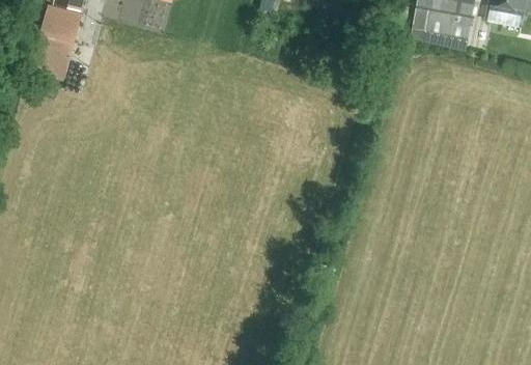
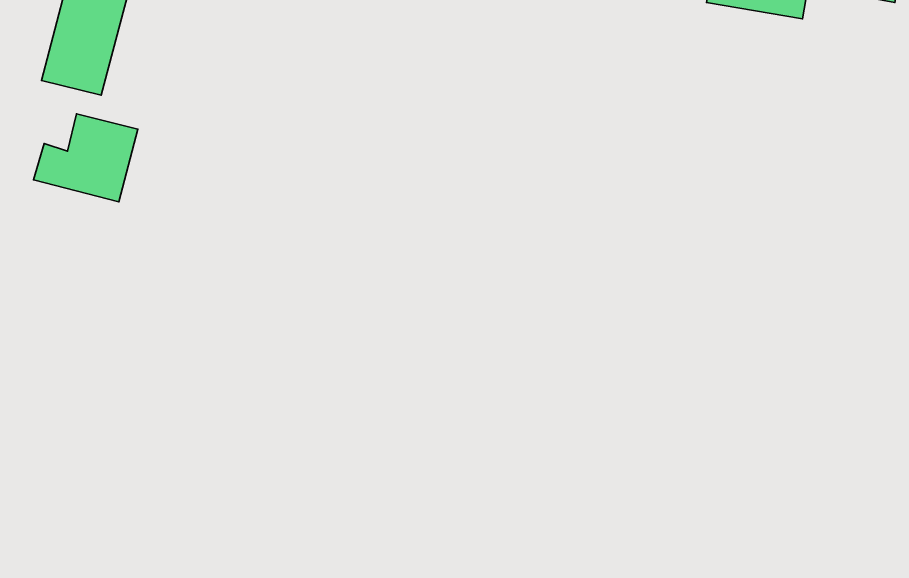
building: none -> [34,114,138,202]

